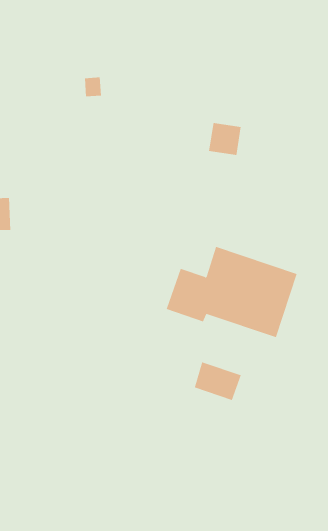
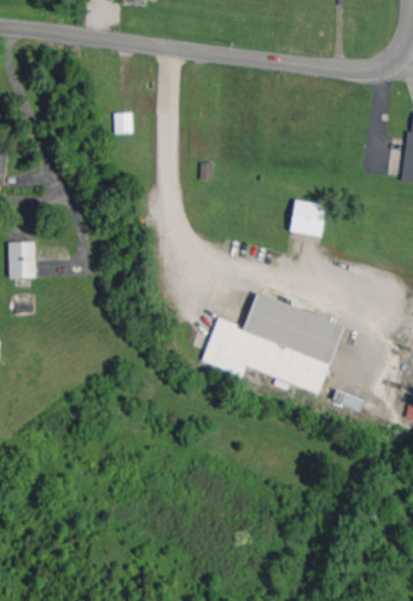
building: [208,122,241,156] -> [291,200,326,235]
building: [194,362,241,401] -> none

